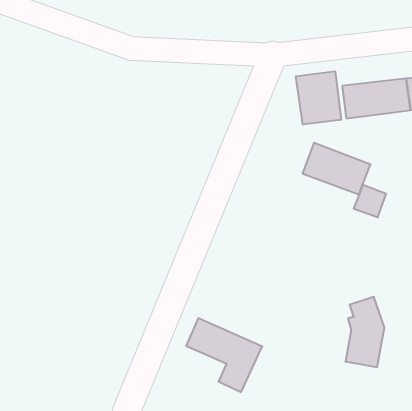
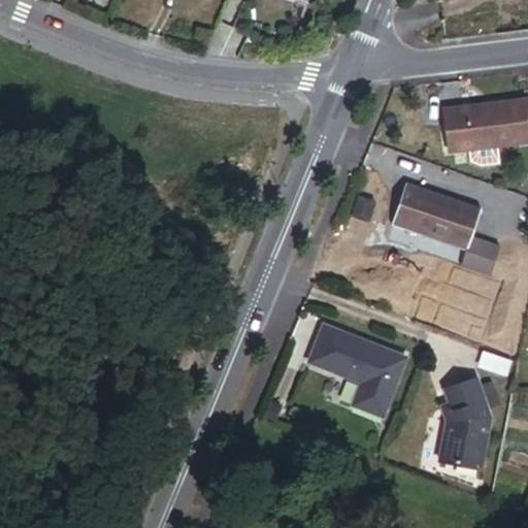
building: [296,71,341,125] -> none
building: [186,318,262,392] -> [311,323,408,417]

